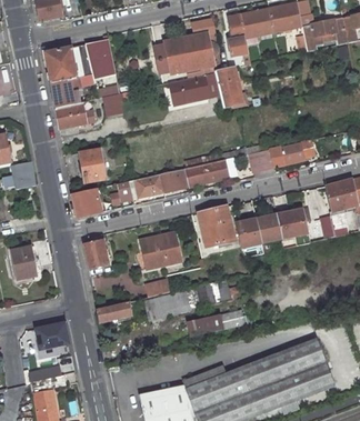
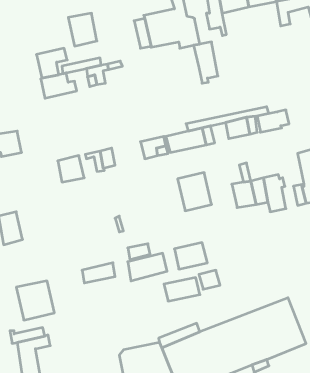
building: [46,43,91,82] -> none
building: [170,72,221,104] -> none
building: [72,148,106,182] -> none
building: [130,173,164,198] -> none
building: [236,218,261,247] -> none
building: [142,232,182,268] -> none
building: [86,239,109,268] -> none

